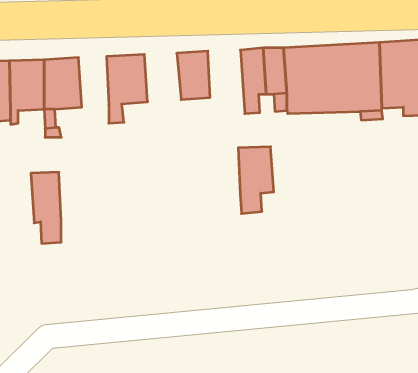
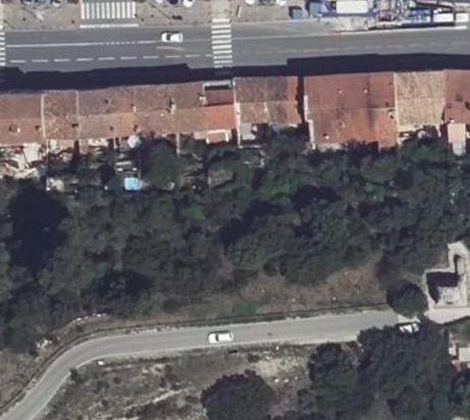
building: none -> [174,84,209,135]
building: [238,147,274,214] -> [234,81,268,144]
building: [31,172,61,243] -> [112,87,141,154]

